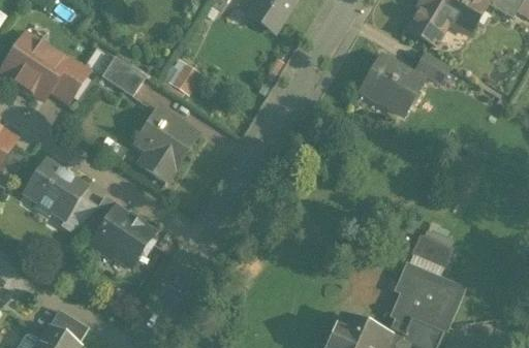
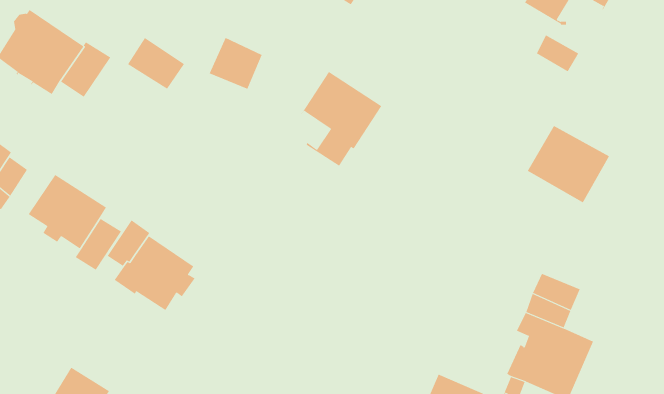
building: [360,54,424,114] -> [527,125,610,203]
building: [135,106,198,180] -> [301,71,382,166]

